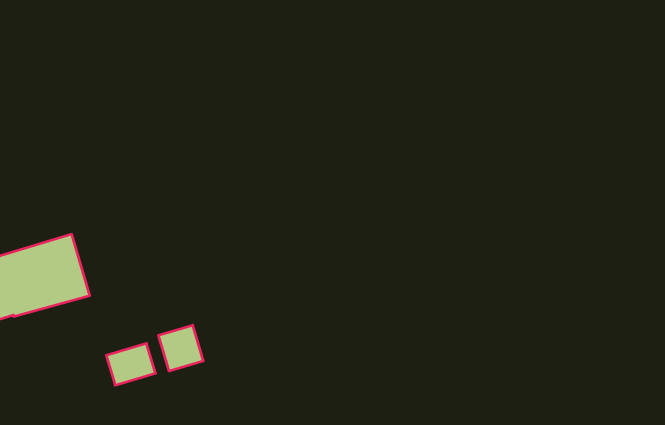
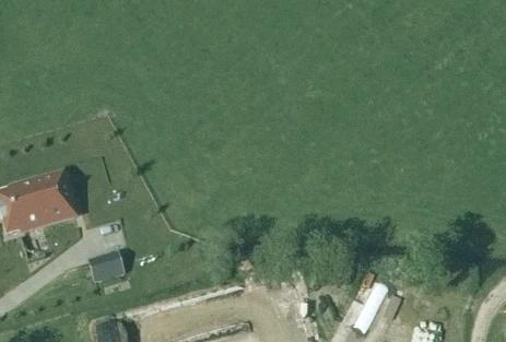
building: [159,325,203,371] -> none

